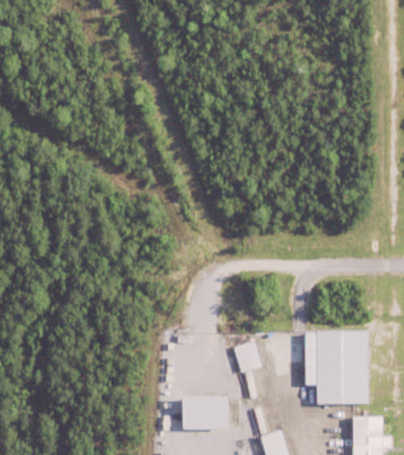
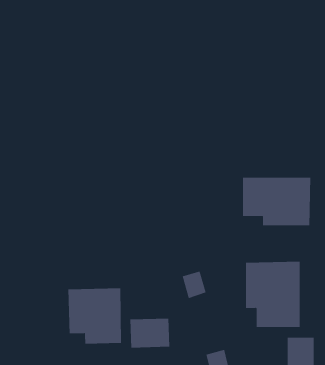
building: none -> [243,177,311,226]
building: none -> [68,287,121,344]

